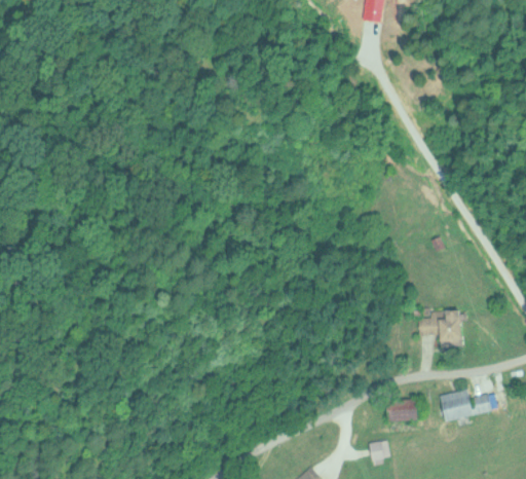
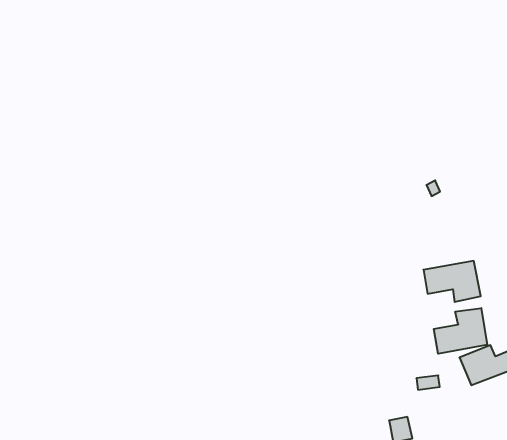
building: none -> [434,308,487,354]

